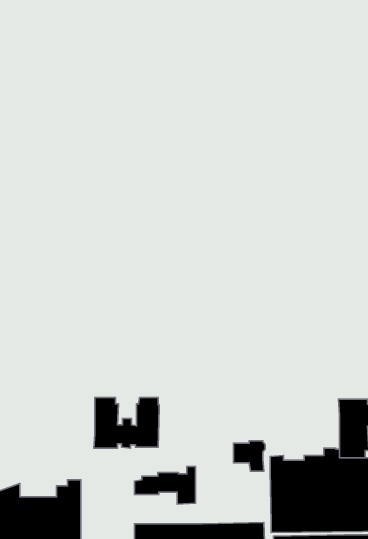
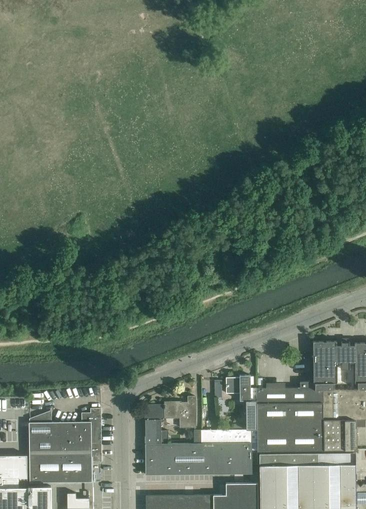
building: [94,398,159,448] -> none
building: none -> [202,390,258,445]
building: none -> [146,421,169,445]

